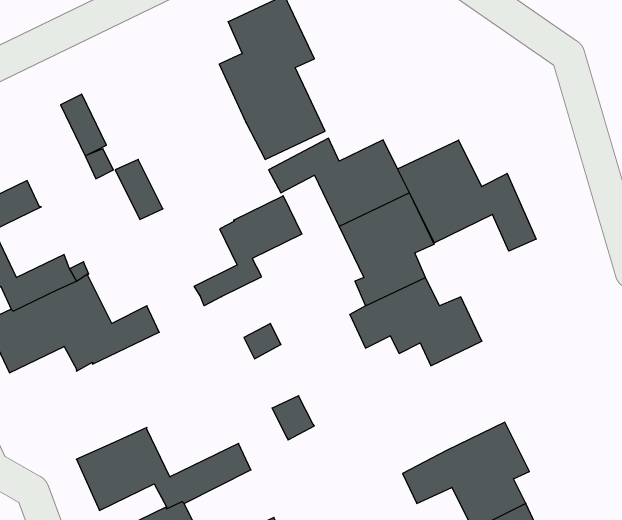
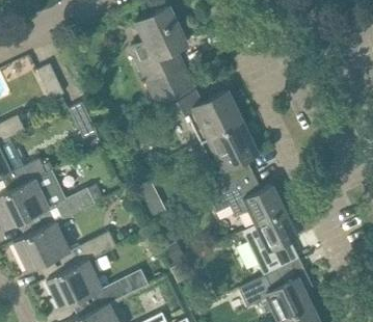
building: [398,140,536,251] -> none
building: [194,196,302,306] -> none
building: none -> [244,210,299,274]
building: none -> [15,222,117,272]

